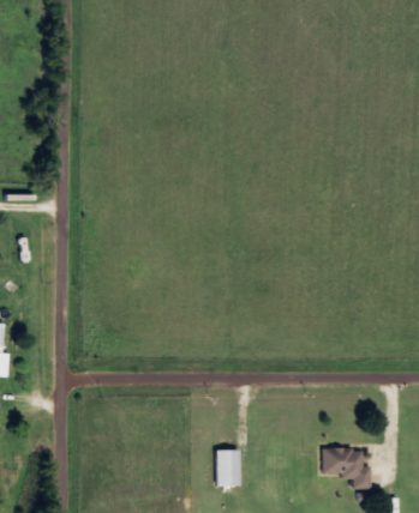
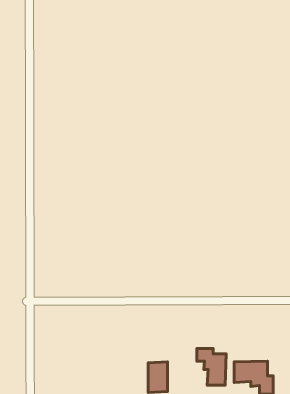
building: none -> [197,348,226,385]

